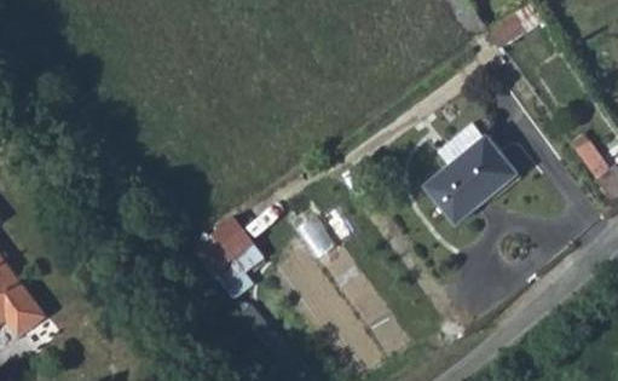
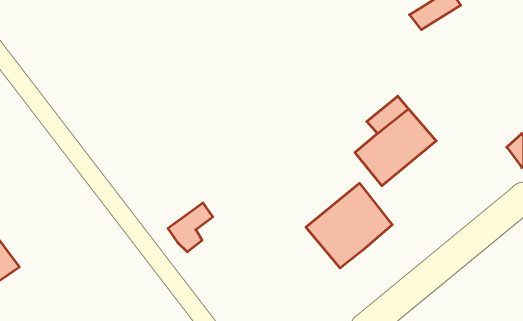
building: [196,217,255,272] -> none
building: none -> [306,183,392,268]

